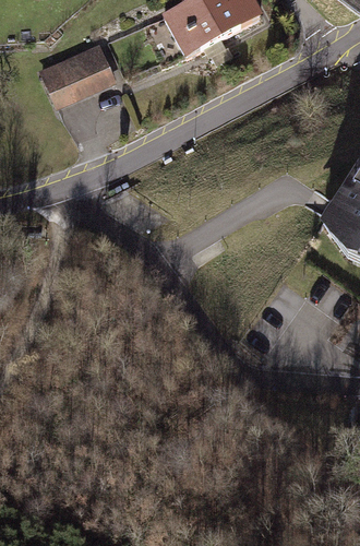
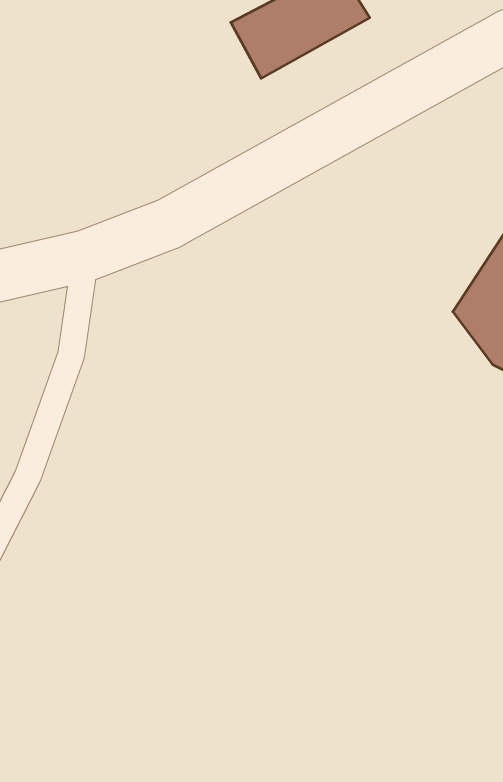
building: [40,38,118,108] -> none

